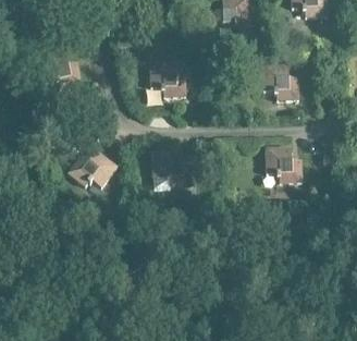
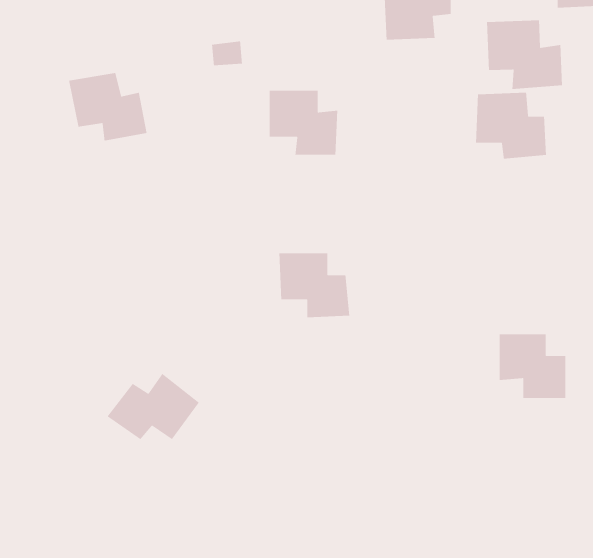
building: none -> [486,19,563,90]
building: [266,147,303,183] -> [499,333,566,399]
building: [66,149,118,186] -> [107,373,200,440]

